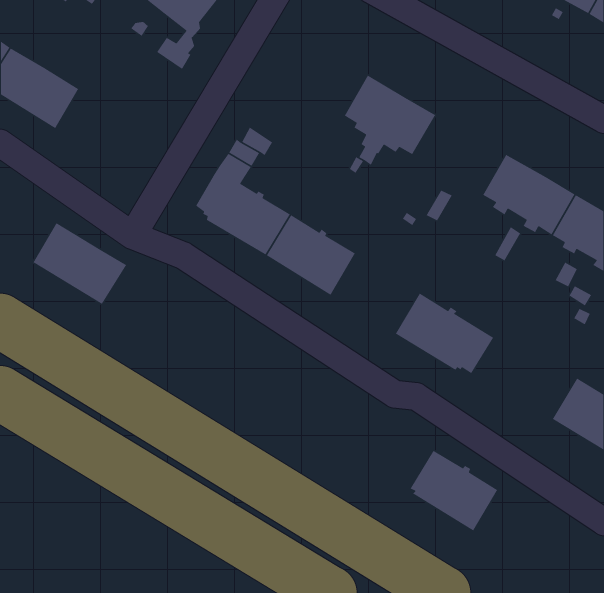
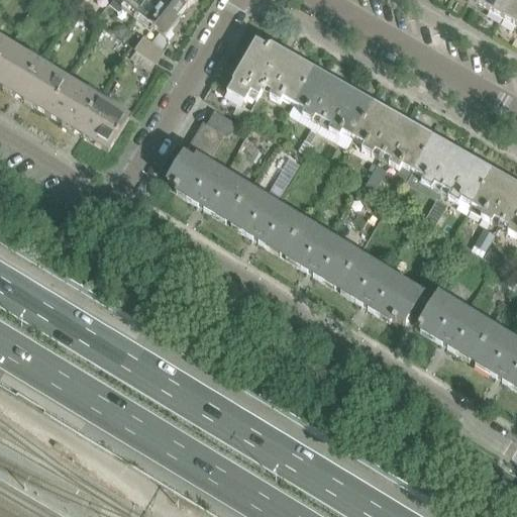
building: none -> [225,34,314,117]
building: none -> [352,98,432,176]
building: [33,222,127,305] -> [47,76,128,146]
building: none -> [283,216,358,285]
building: [410,450,498,531] -> [417,288,493,357]

